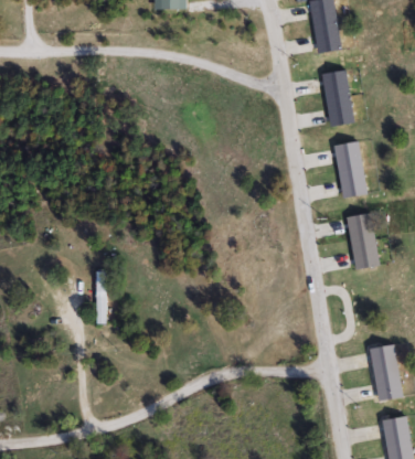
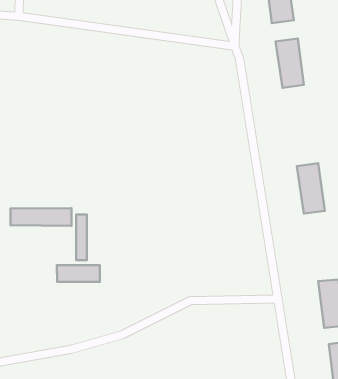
building: [336,141,366,198] -> none
building: none -> [10,208,71,226]
building: none -> [57,265,100,282]

